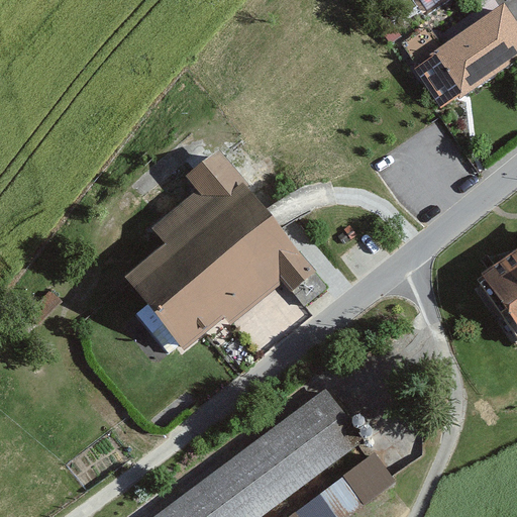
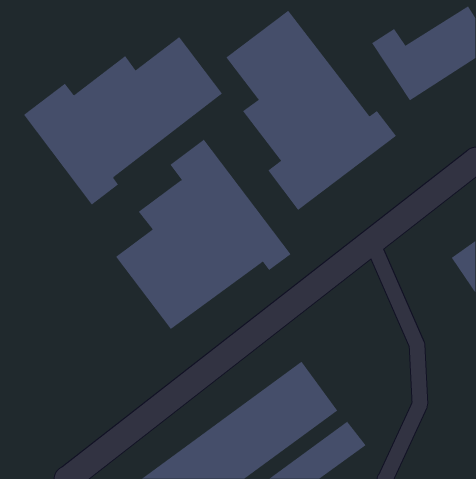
building: none -> [225,10,397,211]
building: none -> [23,36,223,205]

